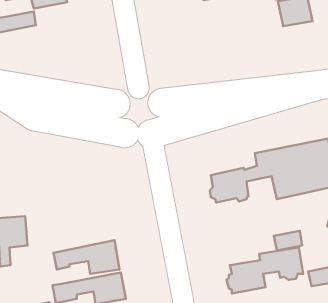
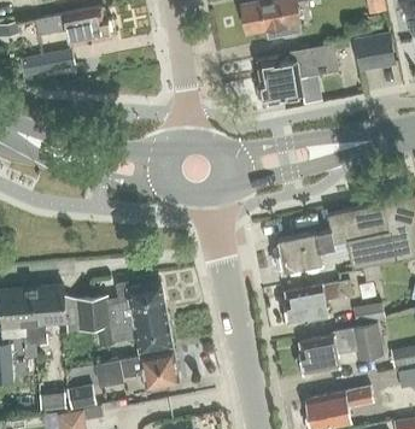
building: none -> [256,46,338,102]
building: none -> [284,281,349,325]
building: none -> [76,283,165,331]

